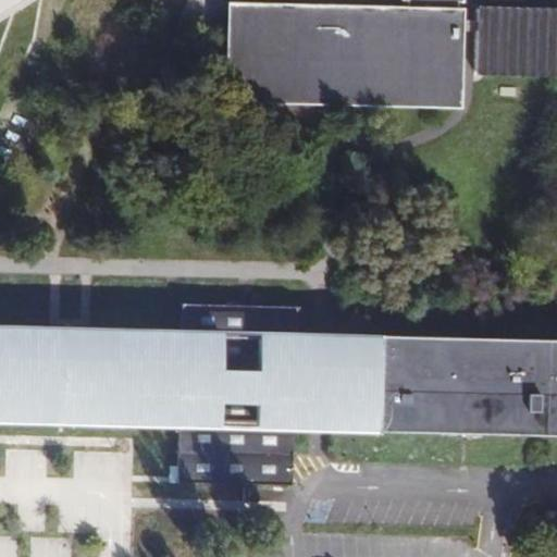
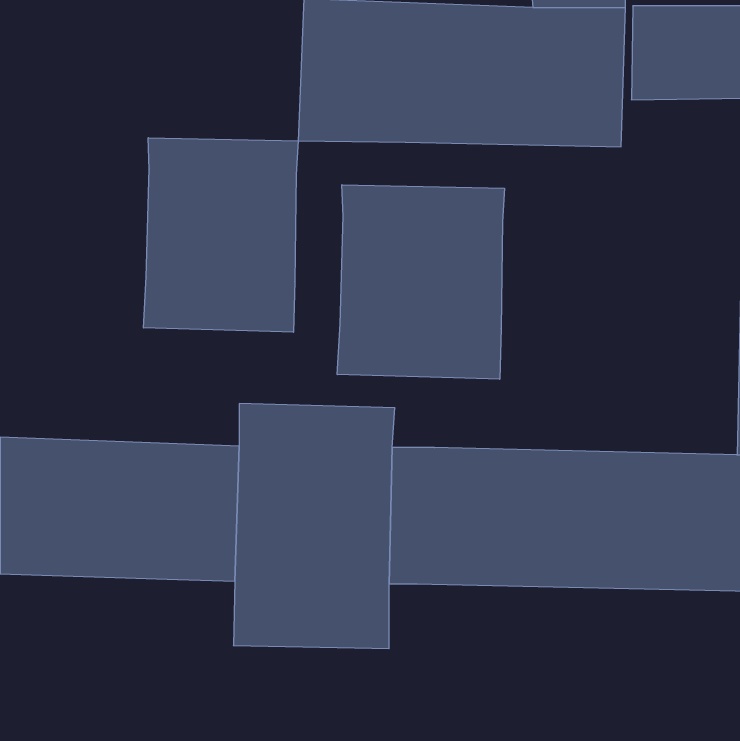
building: none -> [144,138,298,332]
building: none -> [337,185,504,379]

